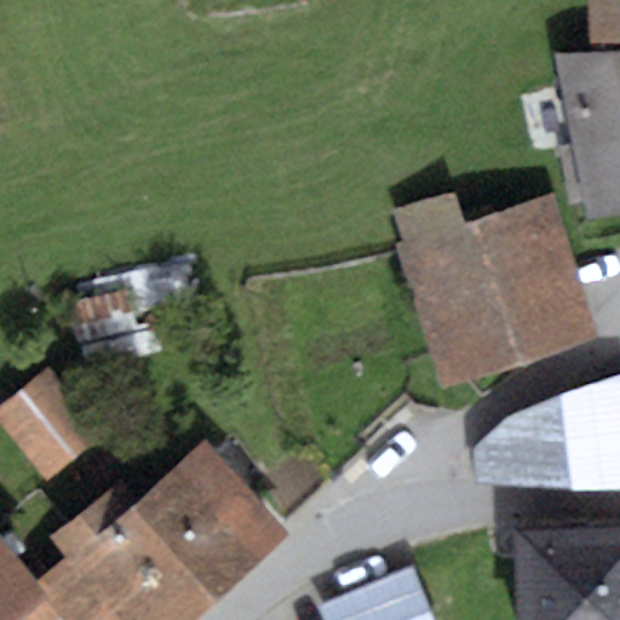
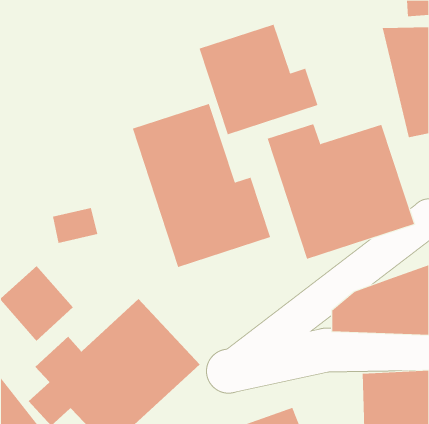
building: none -> [199,24,318,135]
building: none -> [132,103,271,268]

